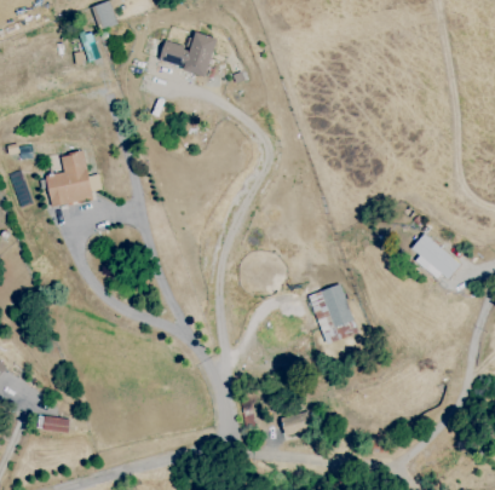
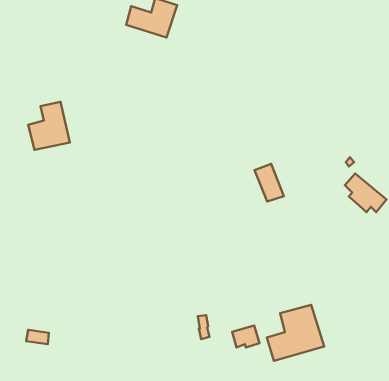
building: [318,283,352,327] -> [255,164,284,201]
building: none -> [267,305,324,361]

